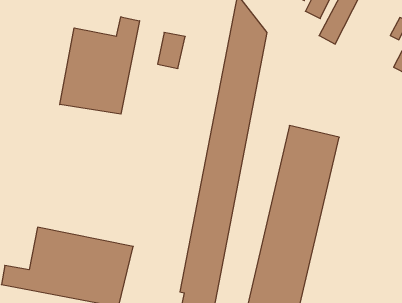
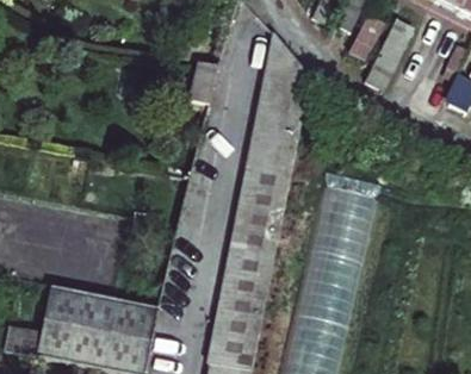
building: [60,17,140,114] -> none

